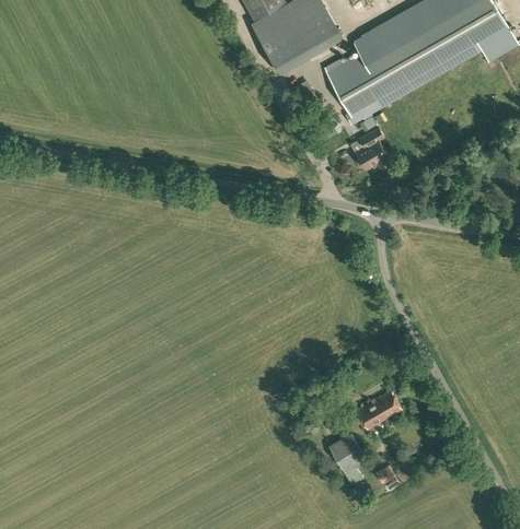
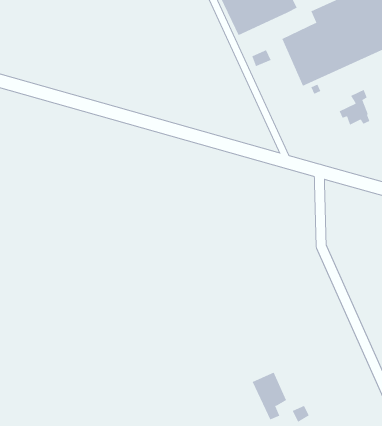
building: [353,128,388,168] -> [339,89,370,125]
building: [356,390,401,430] -> none

